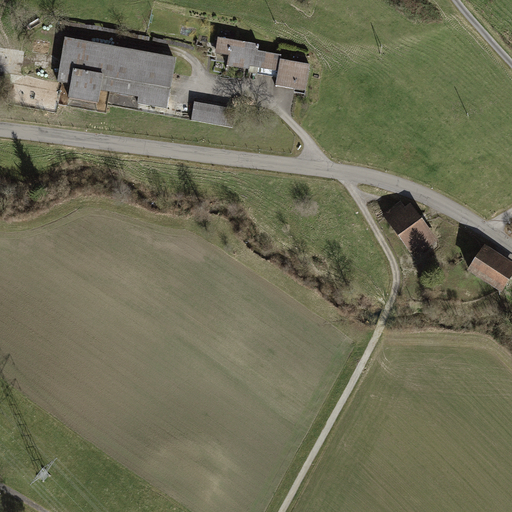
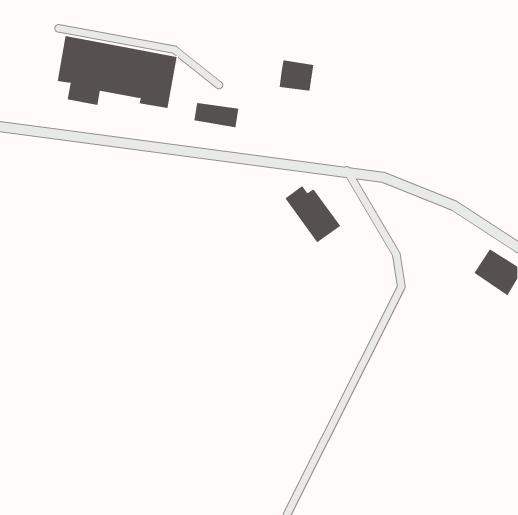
building: [214,37,280,74] -> none
building: [382,200,438,257] -> [284,185,341,243]

